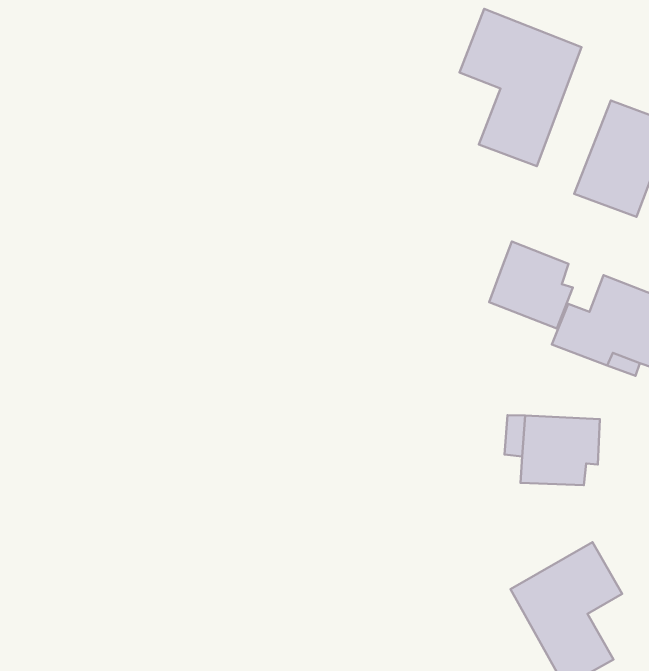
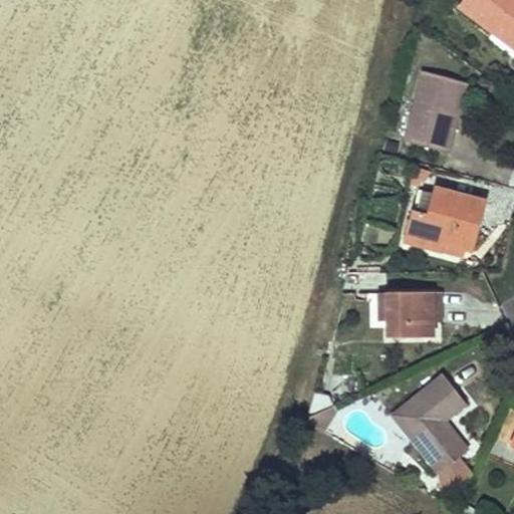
building: [459,9,582,166] -> none
building: [489,241,573,328] -> none

